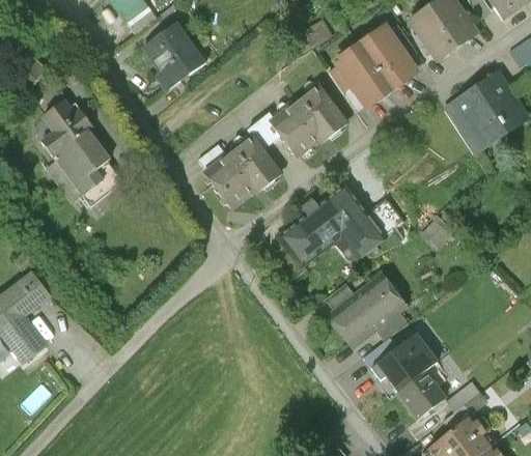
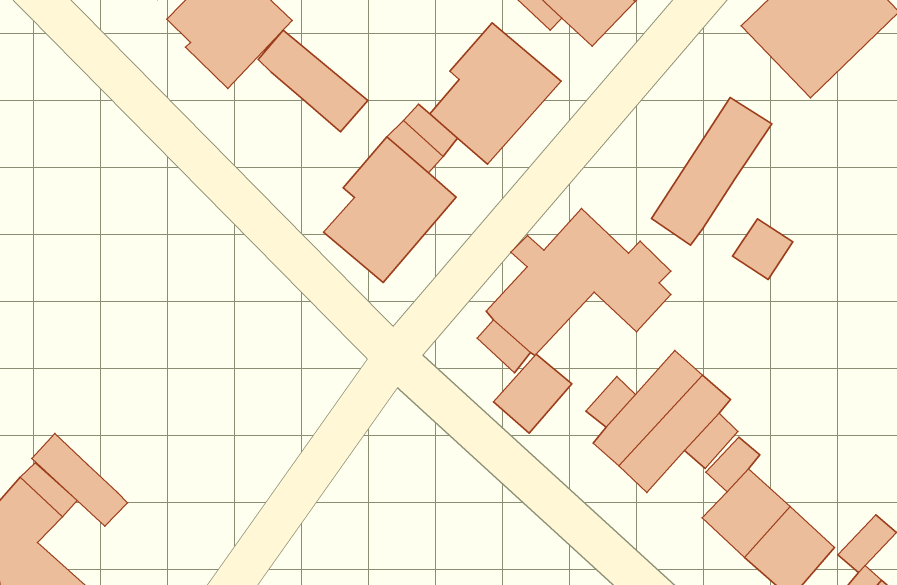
building: none -> [258,30,368,132]
building: [40,102,110,197] -> none
building: none -> [652,97,772,245]
building: none -> [32,433,127,526]
building: none -> [493,354,572,433]

